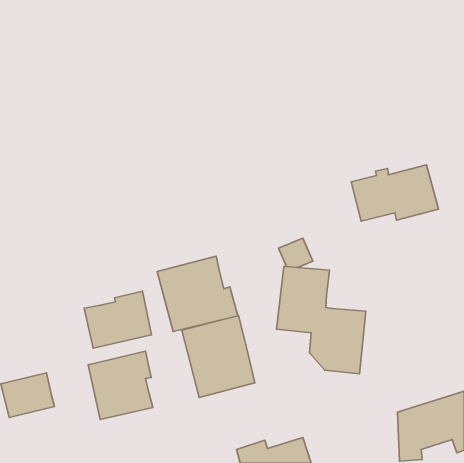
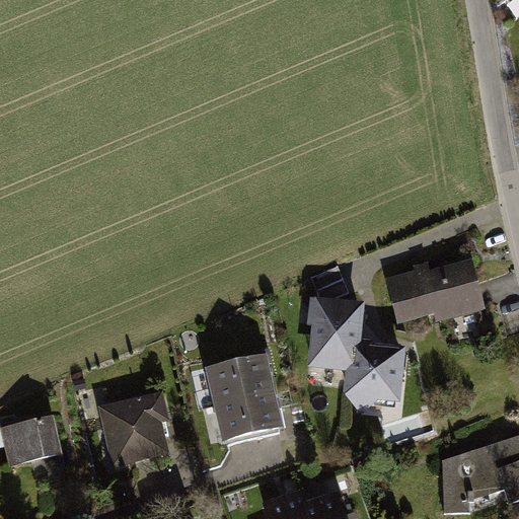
building: [351,165,438,221] -> [387,258,485,321]
building: [157,256,238,332] -> none
building: [84,291,151,348] -> none

